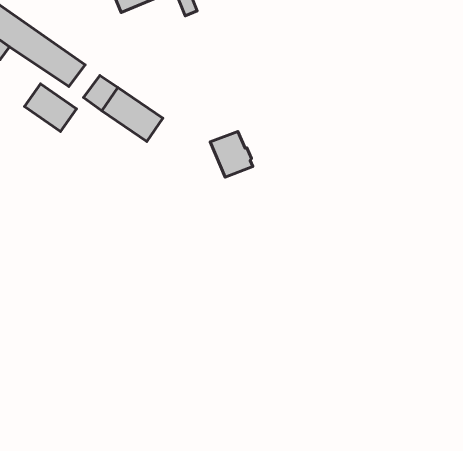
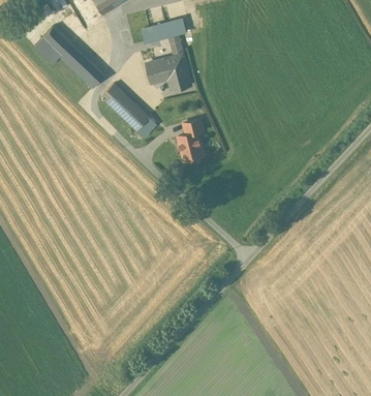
building: none -> [146,55,191,91]
building: [25,84,76,132] -> none

